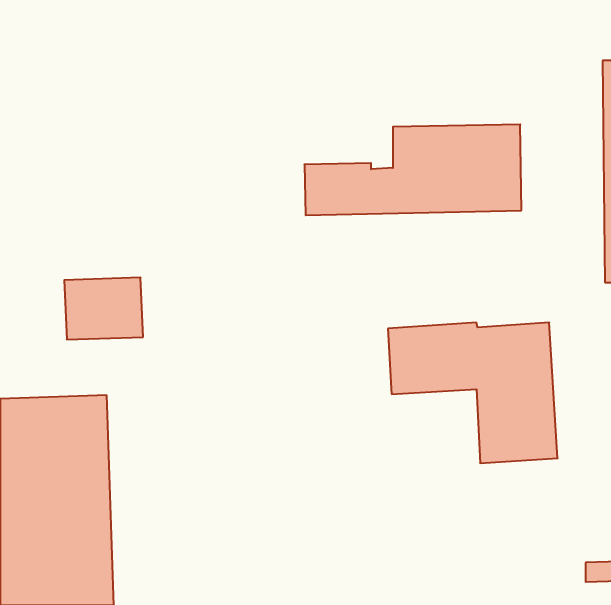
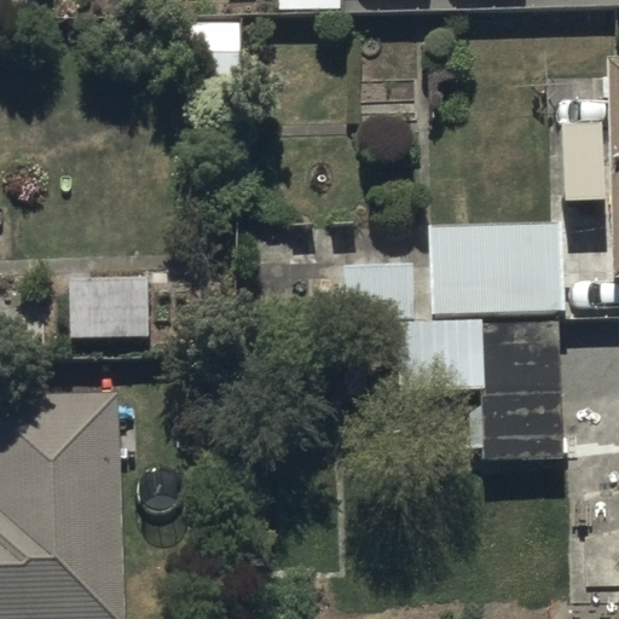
building: [304,124,521,215] -> [346,226,562,317]

